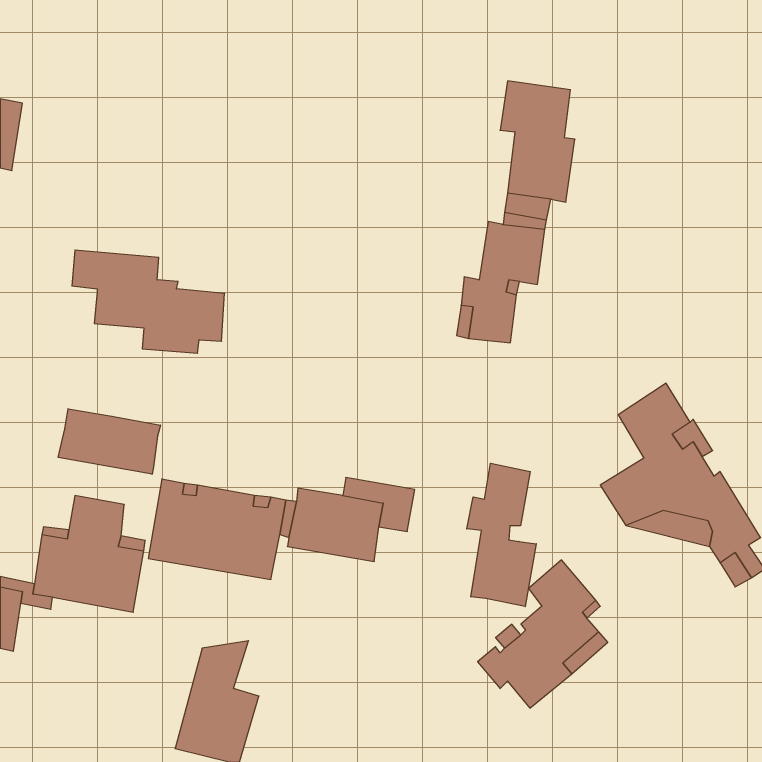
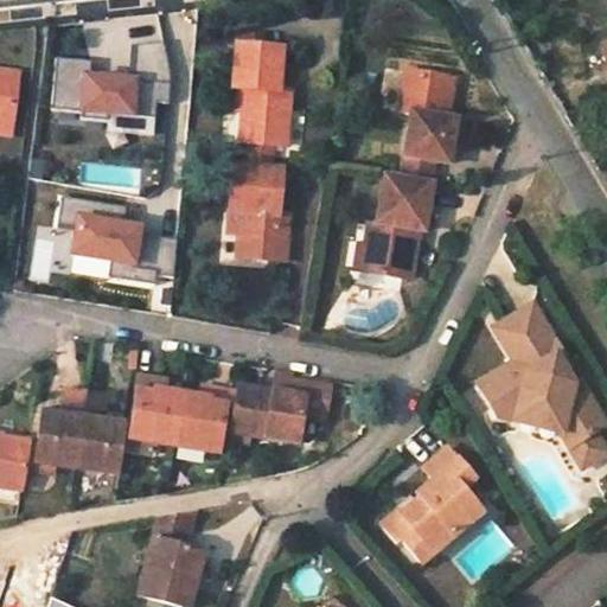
building: none -> [231,38,294,142]
building: none -> [52,40,172,120]
building: none -> [225,161,288,255]
building: [58,409,160,474] -> none
building: [467,463,536,607] -> none

